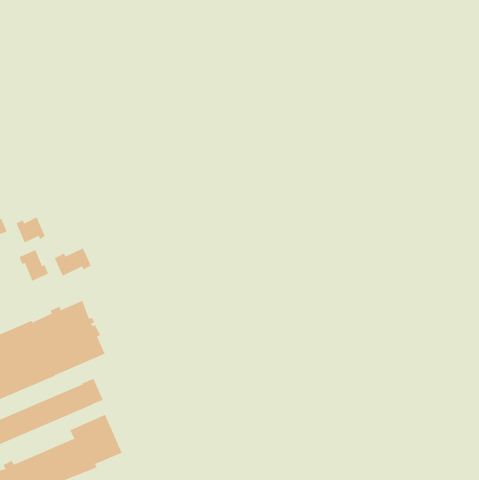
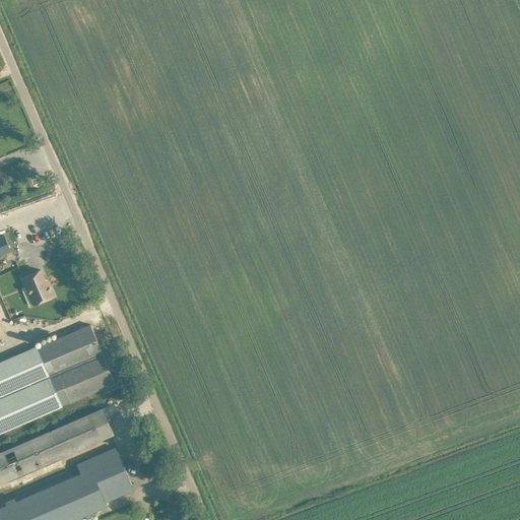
building: [16,217,46,243] -> none
building: [54,247,92,276] -> none

